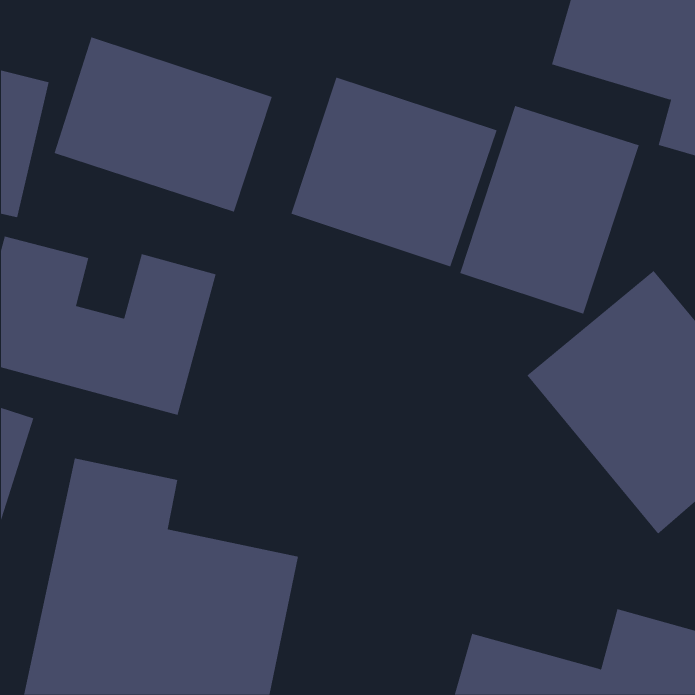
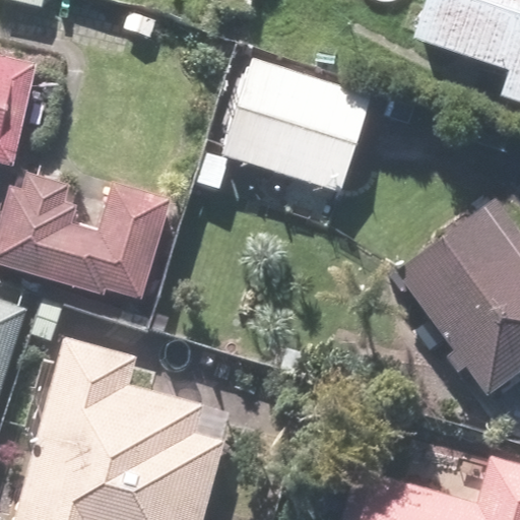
building: [54,36,273,213] -> none
building: [460,105,639,315] -> none

